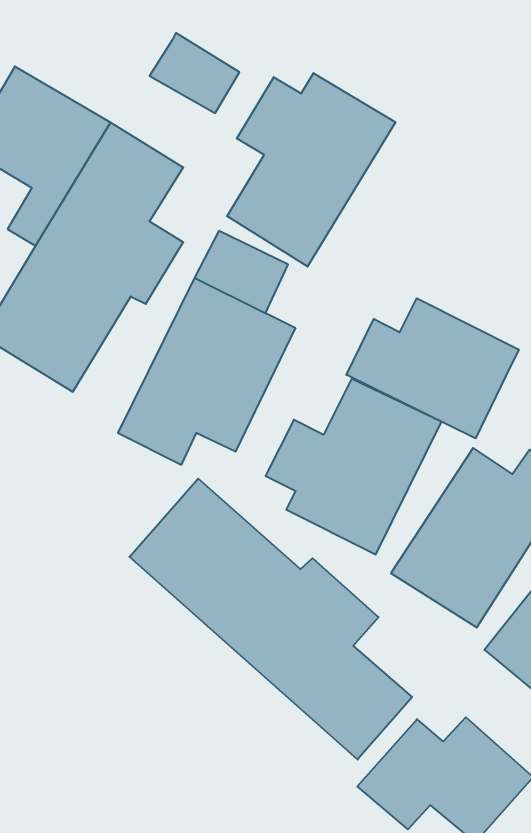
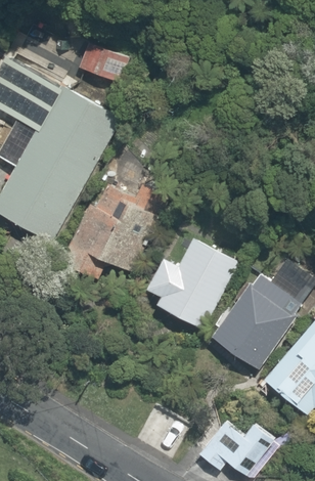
building: [227,73,395,267] -> none
building: [346,298,519,438] -> none
building: [129,479,412,760] -> none

